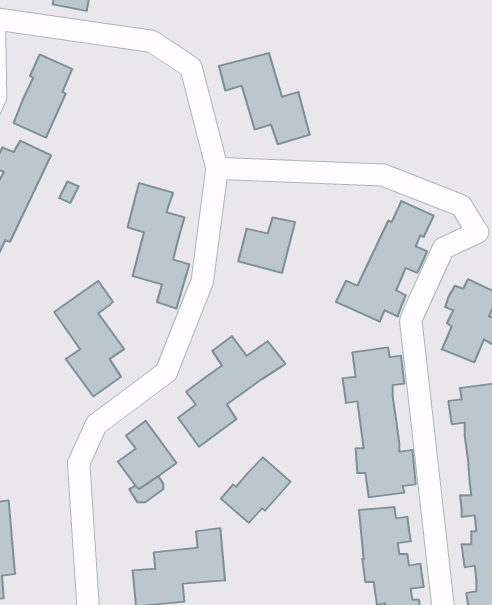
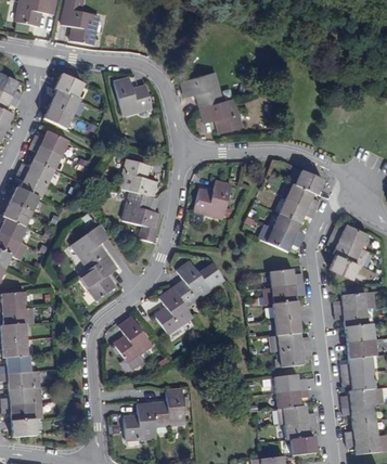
building: none -> [113,77,152,115]
building: [221,457,290,523] -> none

